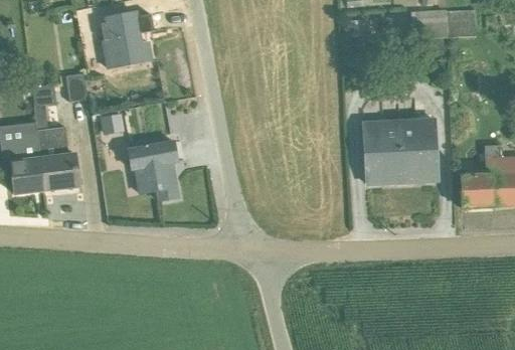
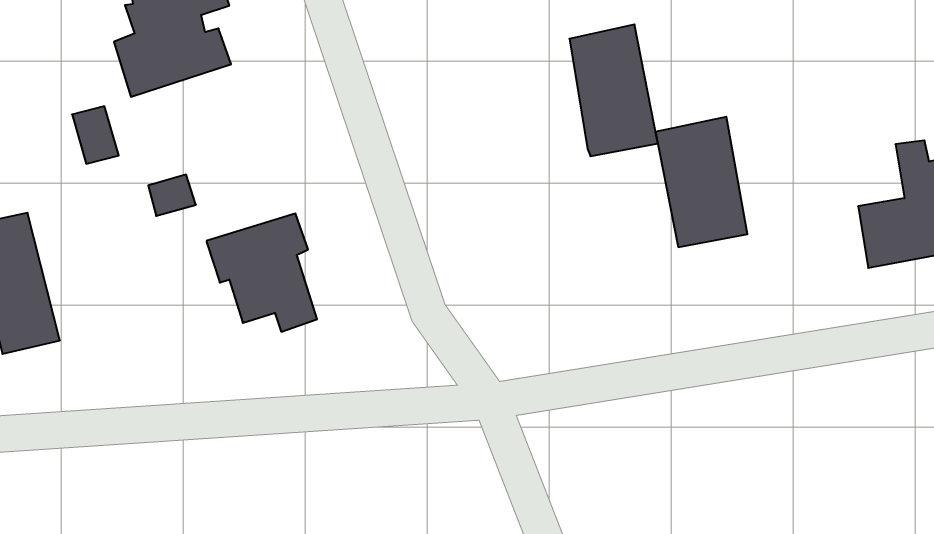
building: [33,85,79,190] -> none
building: [400,117,439,181] -> [569,24,658,156]

